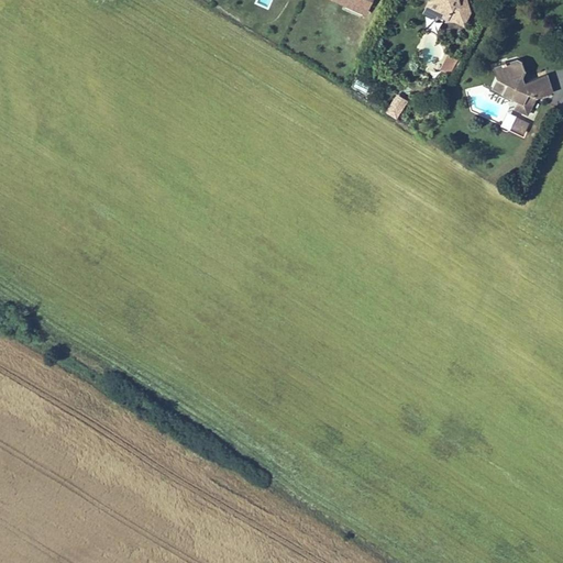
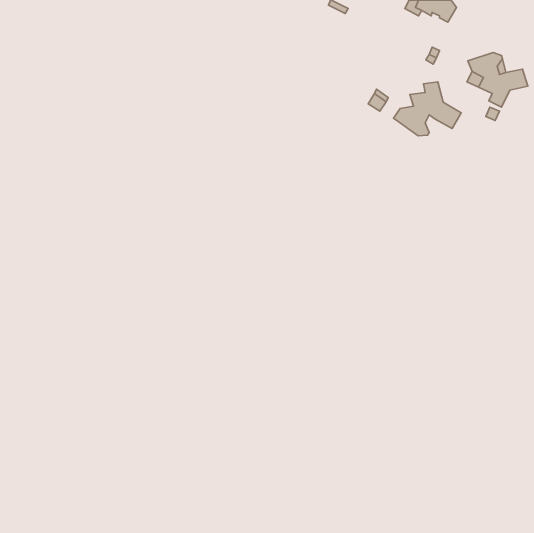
building: none -> [393,82,461,136]

